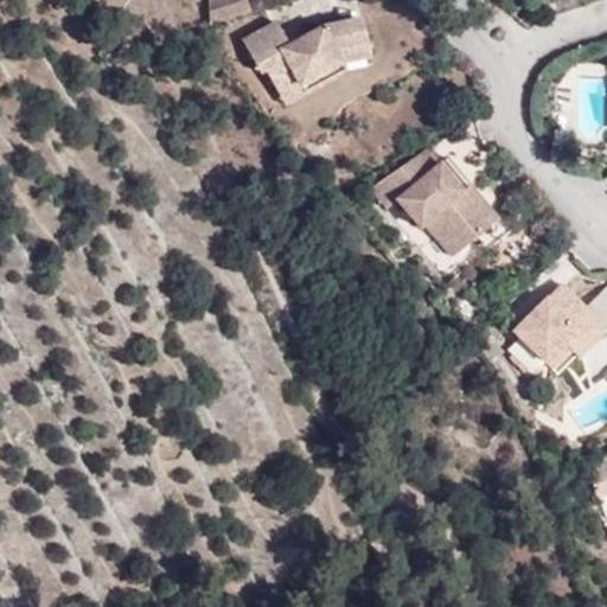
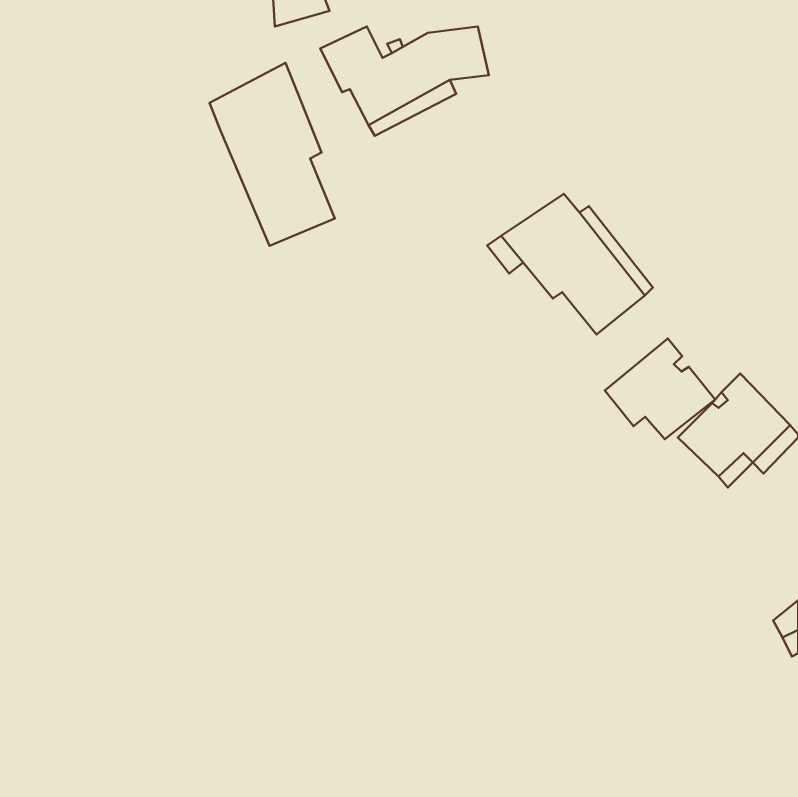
building: none -> [209,63,335,246]
building: none -> [605,339,715,439]

